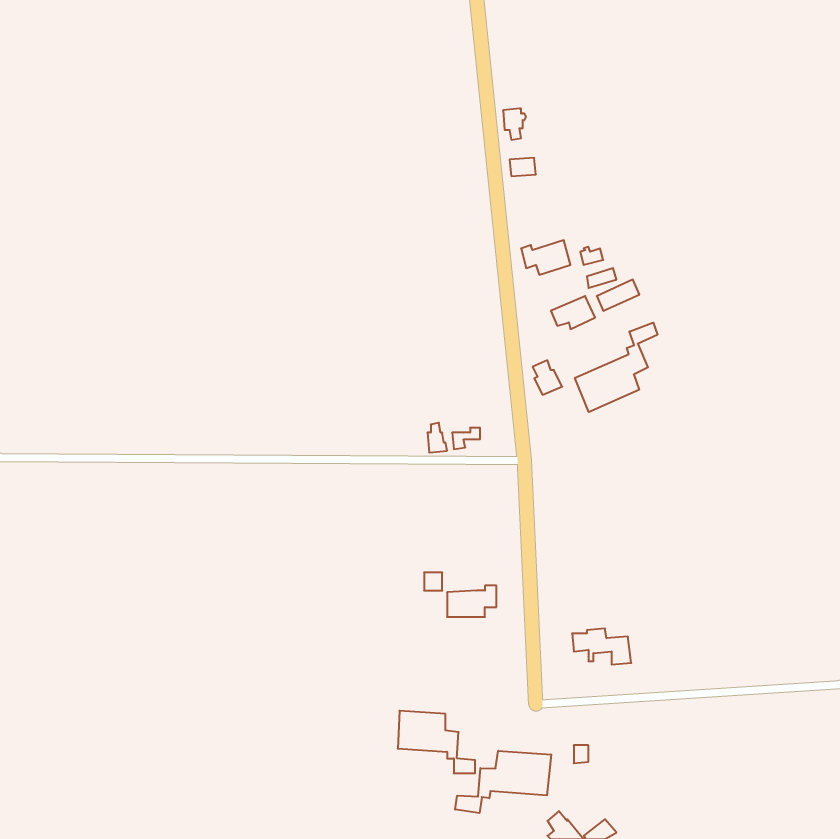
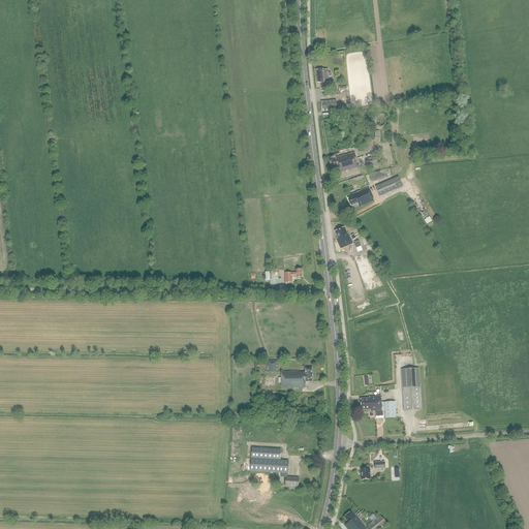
building: [575,323,657,412] -> none
building: none -> [401,368,422,410]
building: [455,751,551,813] -> none

